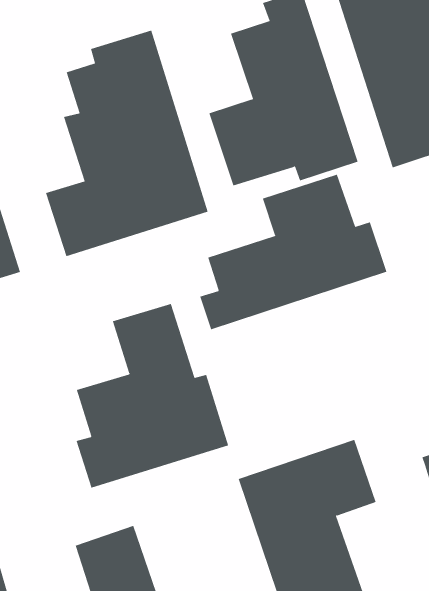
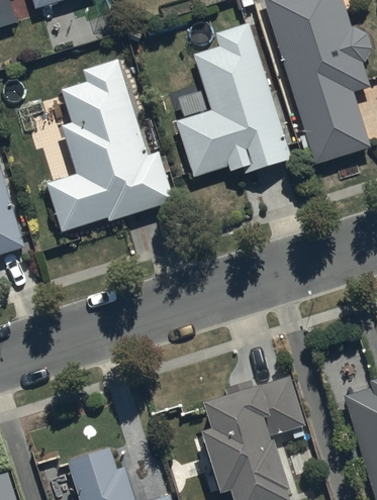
building: [199,174,387,330] -> none
building: [76,303,229,489] -> none

